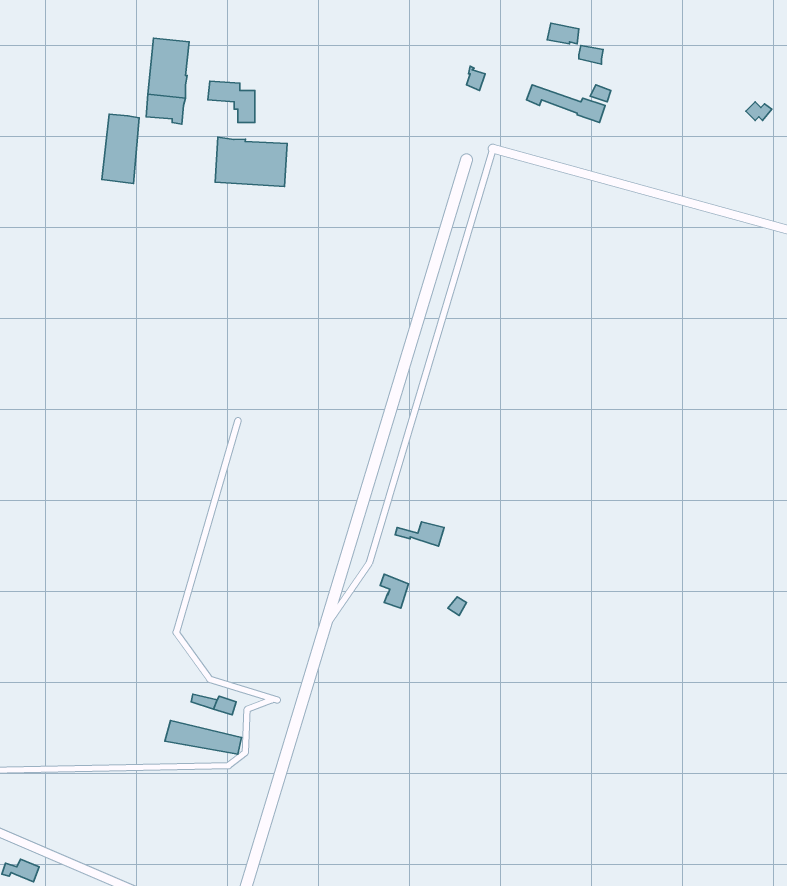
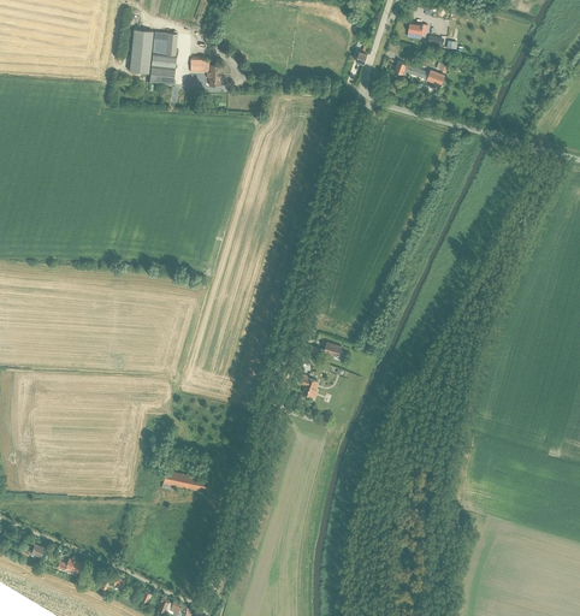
building: [102,114,139,183] -> [128,29,152,73]
building: [215,137,287,186] -> none

